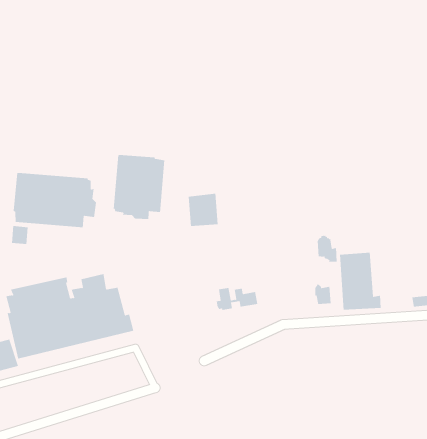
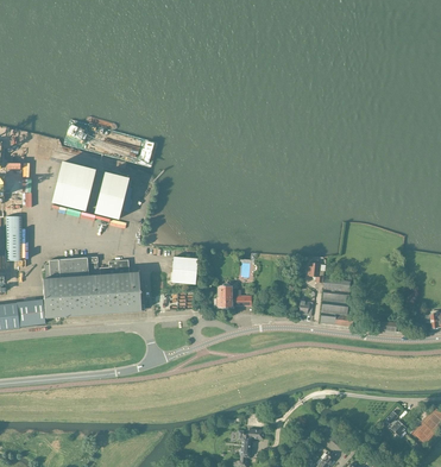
building: [113,154,165,220] -> none
building: [188,193,219,227] -> [171,257,197,284]

